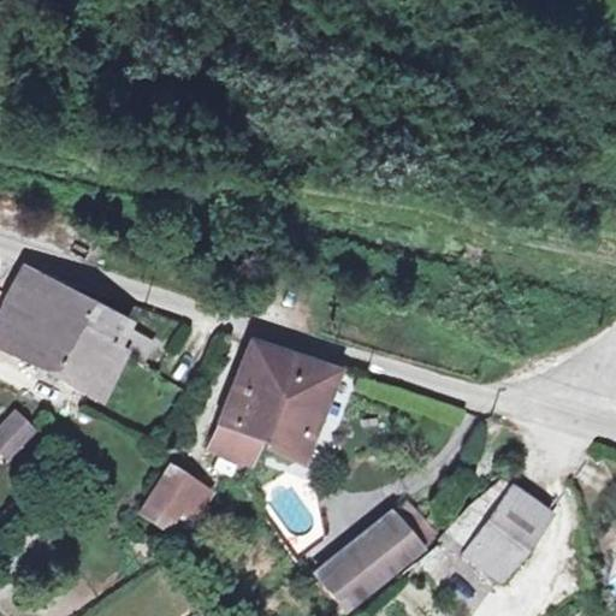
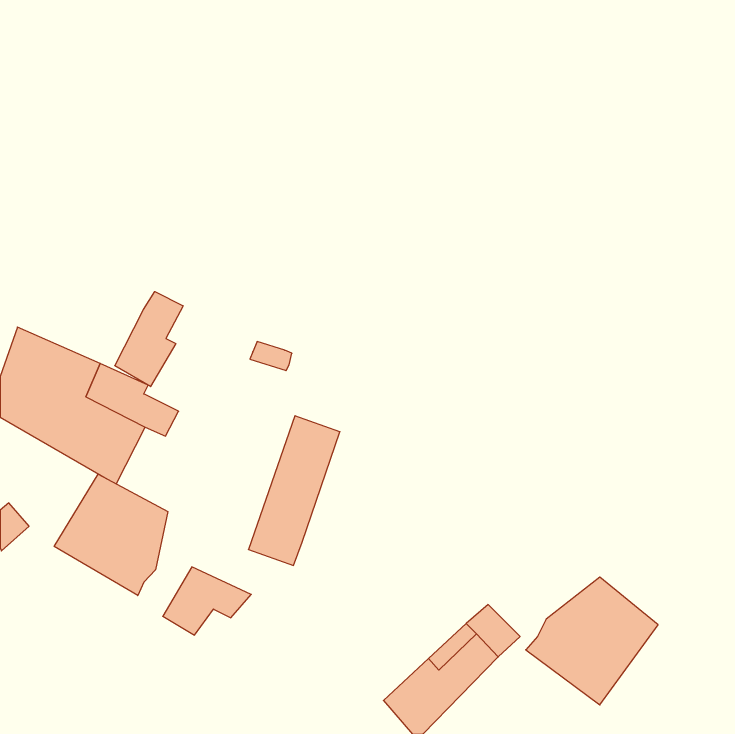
building: none -> [115,292,183,387]
building: [256,350,338,464] -> none
building: none -> [54,474,168,596]

